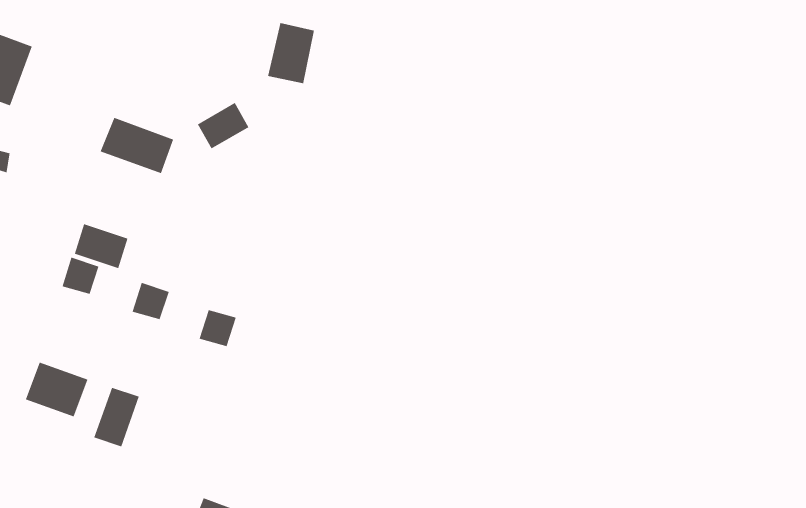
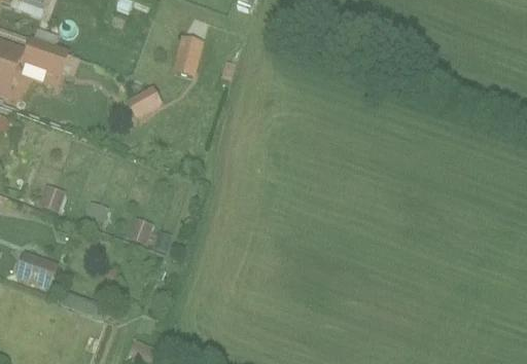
building: [99,117,174,174] -> [22,39,70,76]
building: [74,223,129,269] -> none
building: [93,387,140,447] -> none

